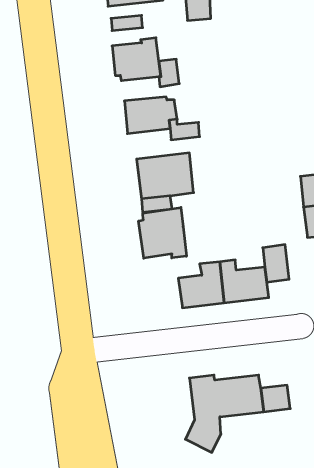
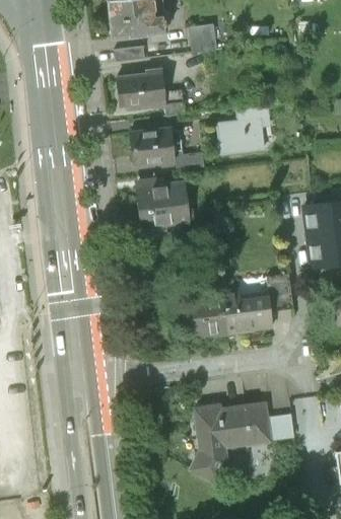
building: none -> [216,102,273,153]
building: [139,207,186,258] -> none

